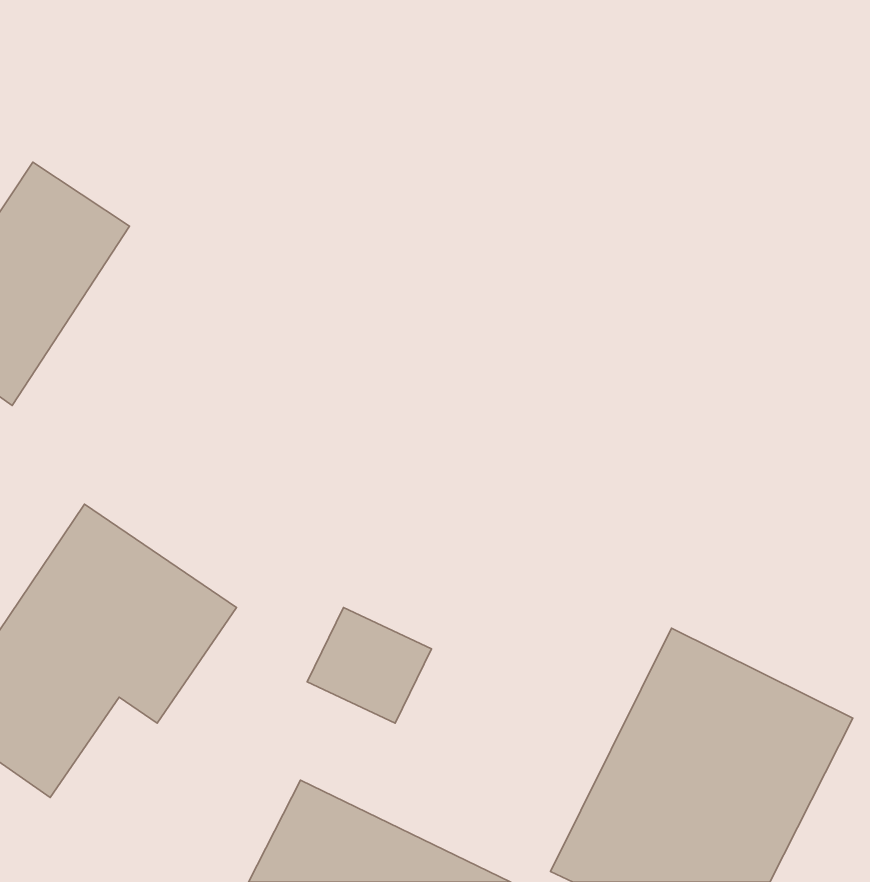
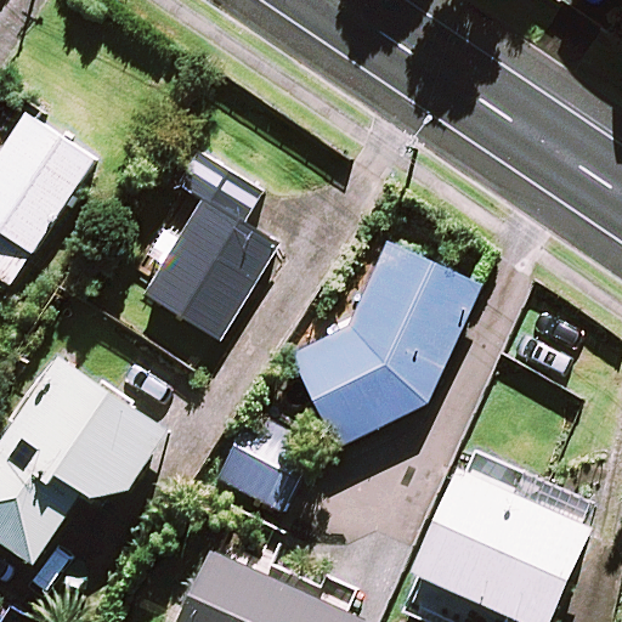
building: none -> [142,152,276,339]
building: none -> [289,245,488,442]

